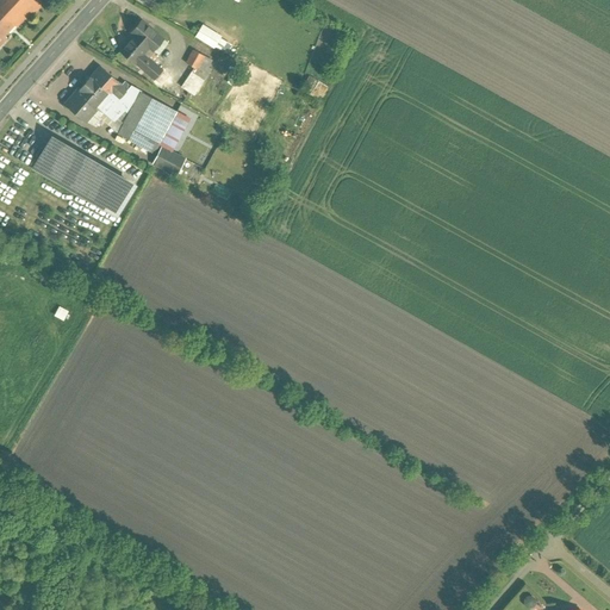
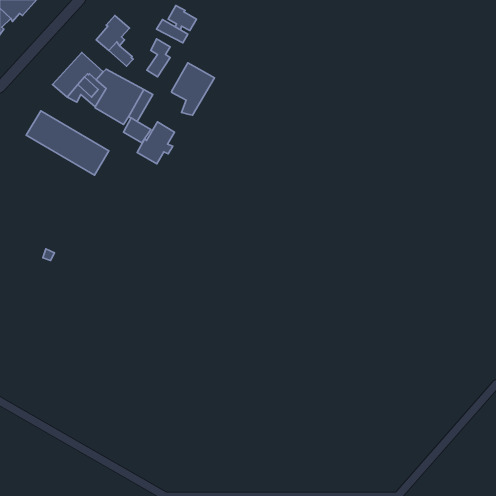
building: none -> [168,6,197,31]
building: none -> [172,63,215,115]
building: none -> [137,122,174,164]

